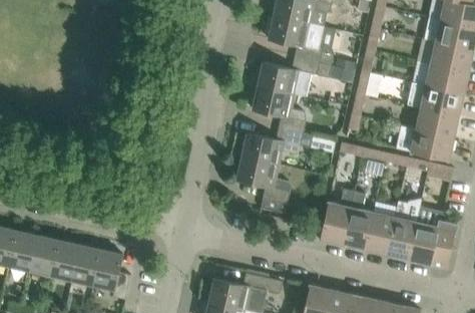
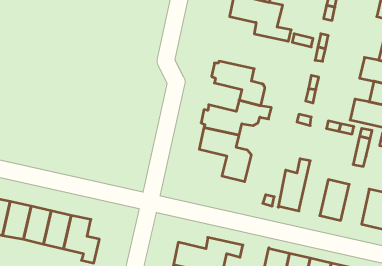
building: [255,57,331,96] -> none
building: [342,192,373,250] -> none
building: [386,199,421,259] -> none

